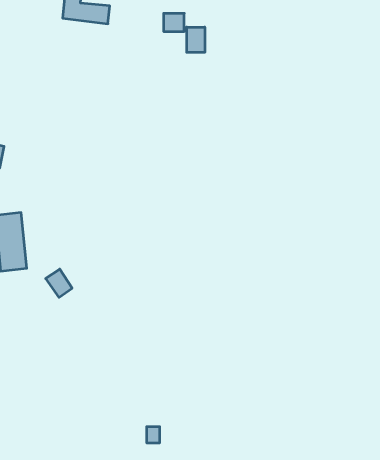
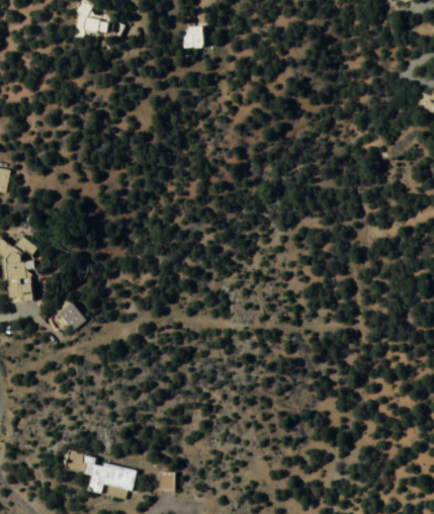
building: [187,27,205,52] -> none
building: none -> [66,451,138,497]

